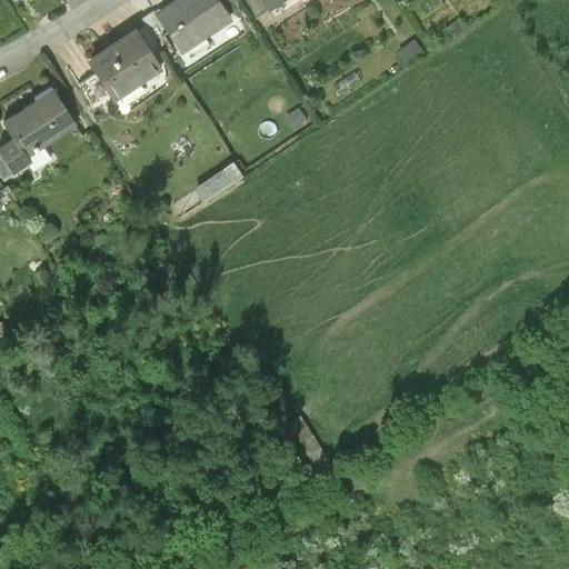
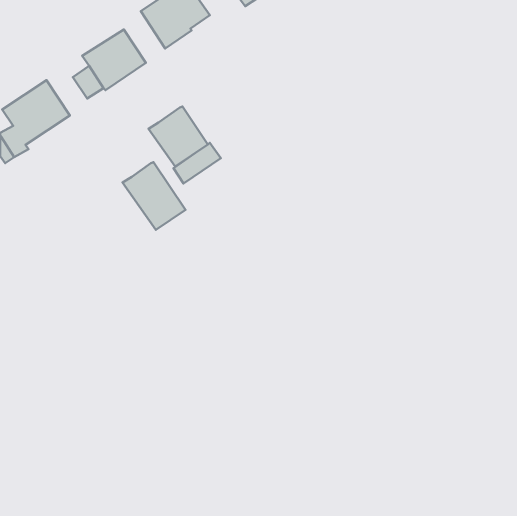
building: none -> [148,106,208,166]
building: none -> [123,162,185,230]

